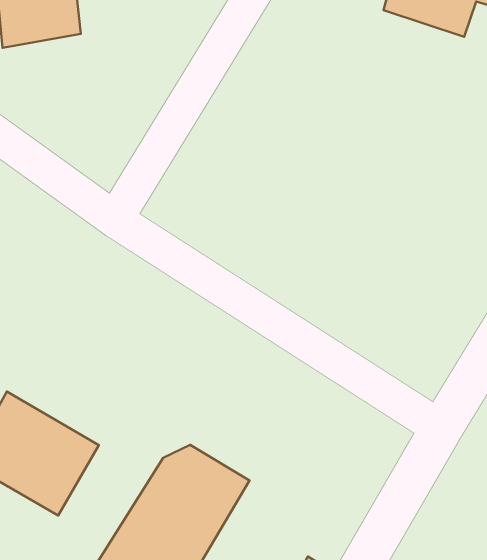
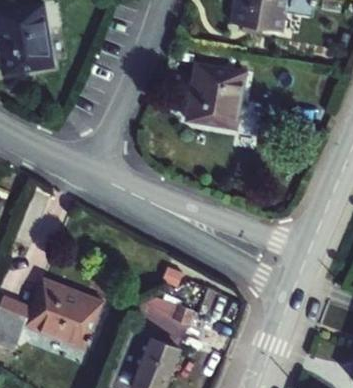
building: none -> [184,67,246,130]

